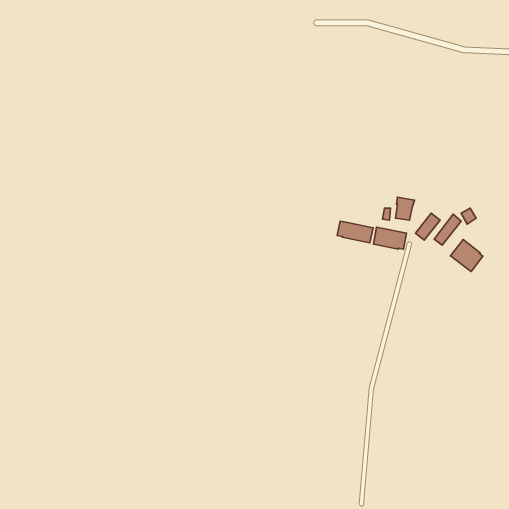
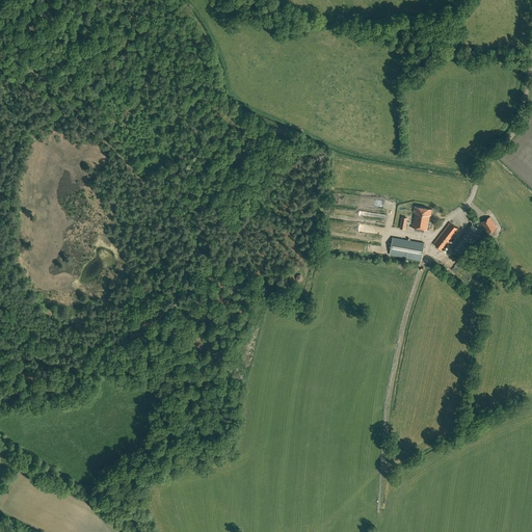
building: [337,221,373,243] -> none
building: [450,240,483,271] -> none

